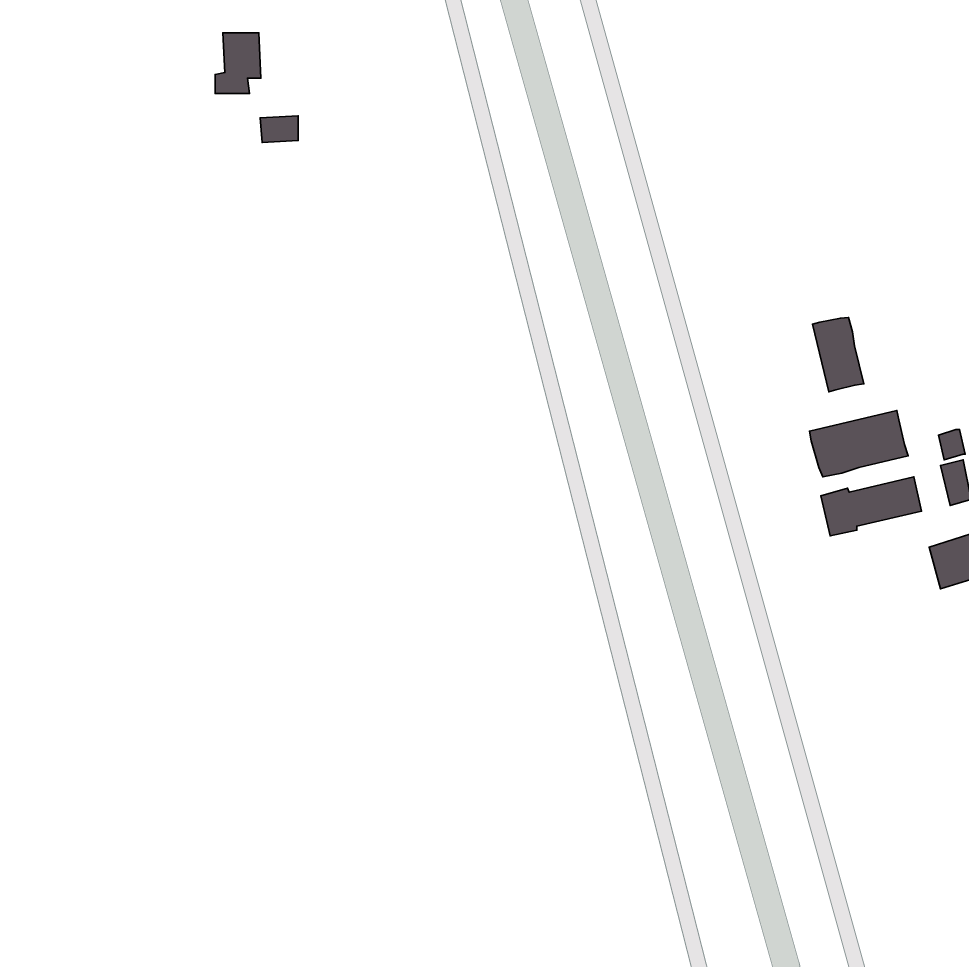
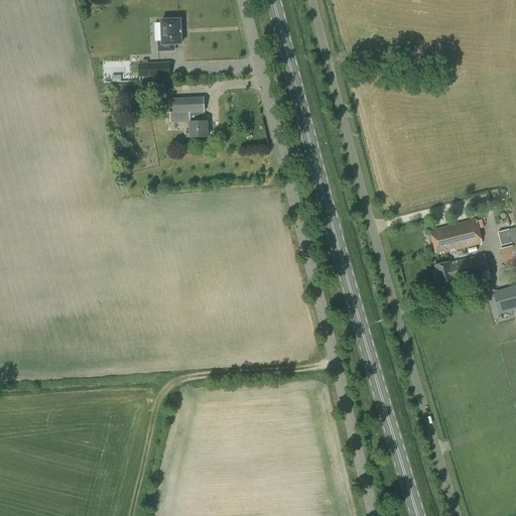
building: [215,33,261,94] -> [158,18,182,50]
building: none -> [170,96,209,136]
building: [813,318,864,392] -> none

